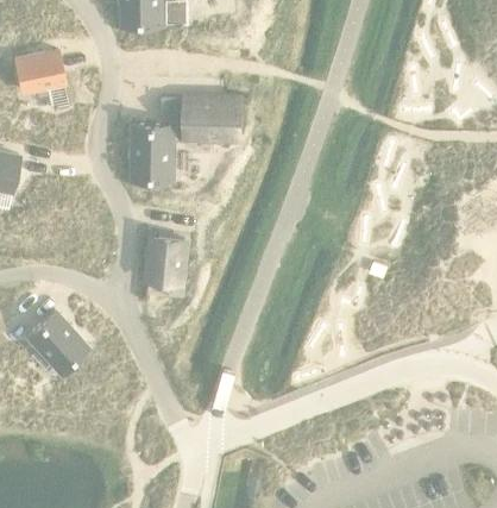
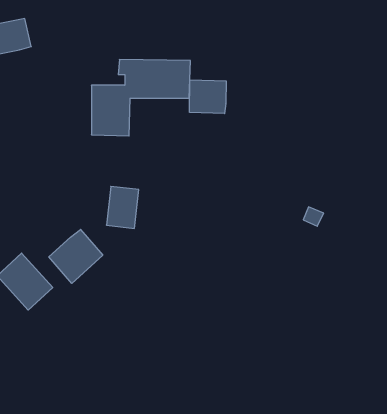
building: none -> [190,80,226,114]
building: none -> [49,229,103,283]

